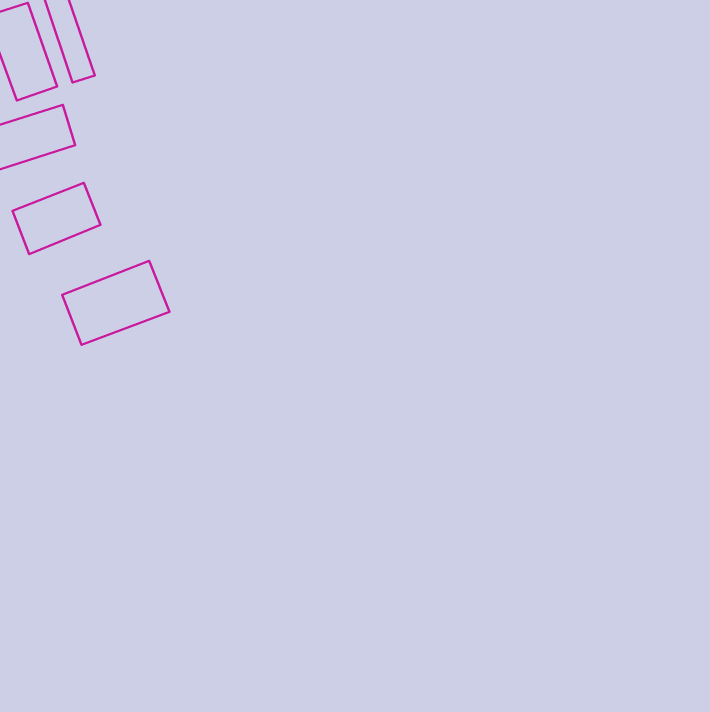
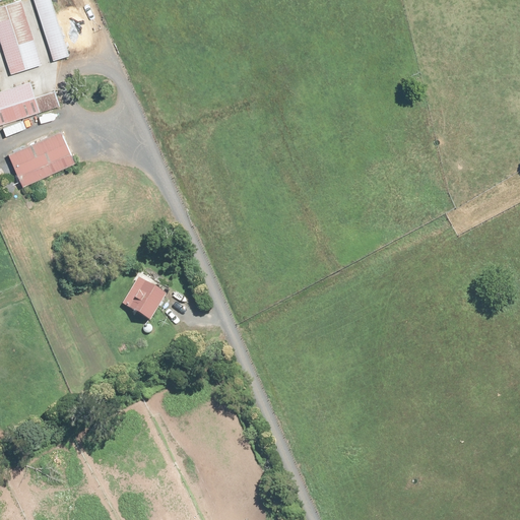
building: [62,261,169,345] -> none
building: none -> [122,277,166,321]

